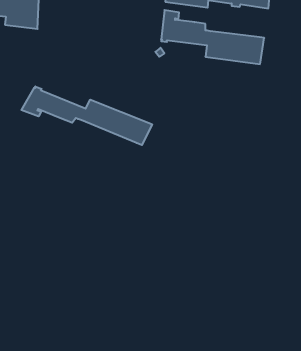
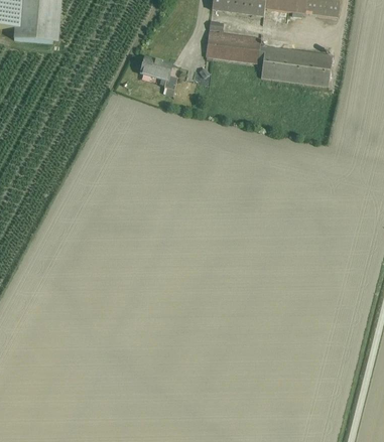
building: none -> [138,54,175,95]
building: [21,86,152,145] -> none

